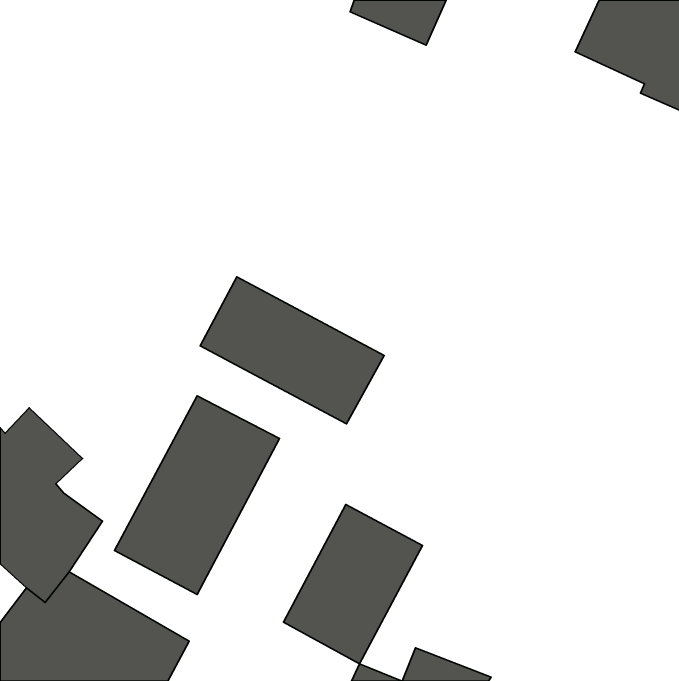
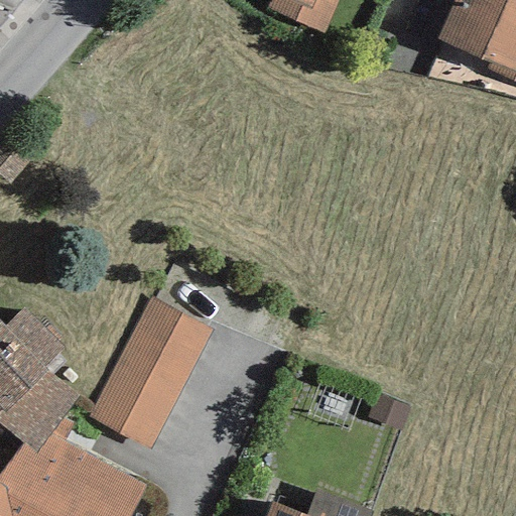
building: [200,277,384,424] -> none
building: [284,505,423,664] -> none

